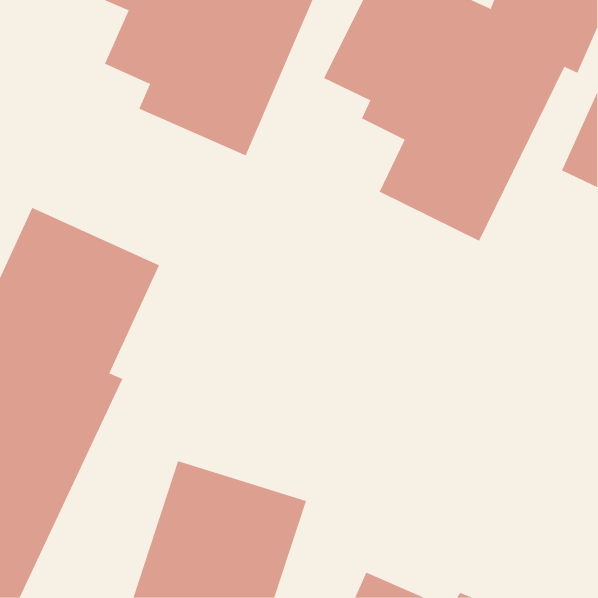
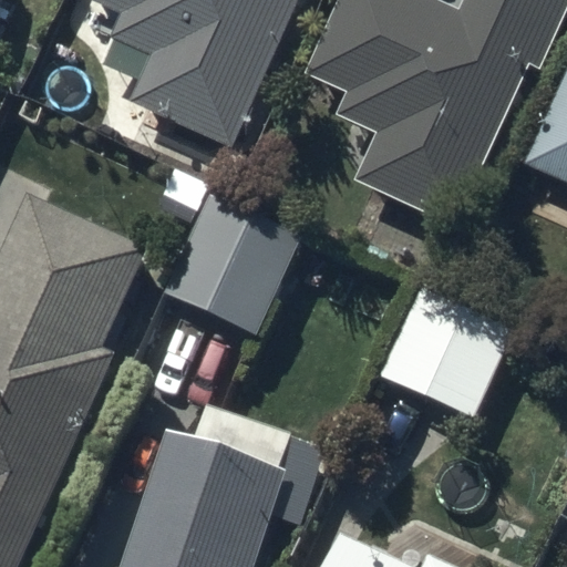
building: none -> [163,192,302,336]
building: none -> [378,268,523,417]

